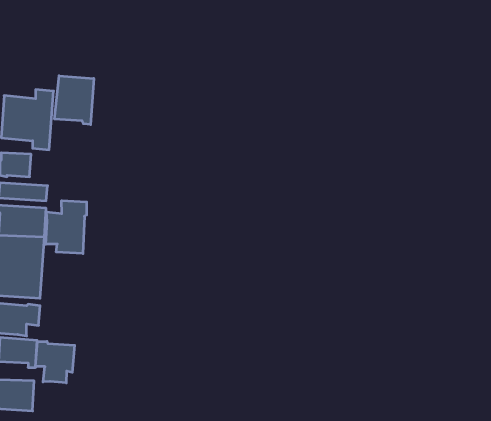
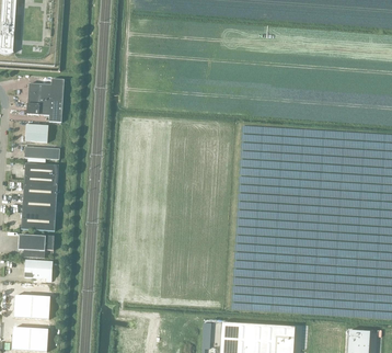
building: [55,76,94,125] -> none
building: [46,201,87,254] -> none
building: [36,341,75,383] -> none

